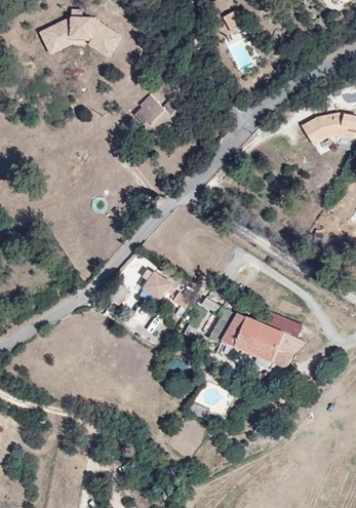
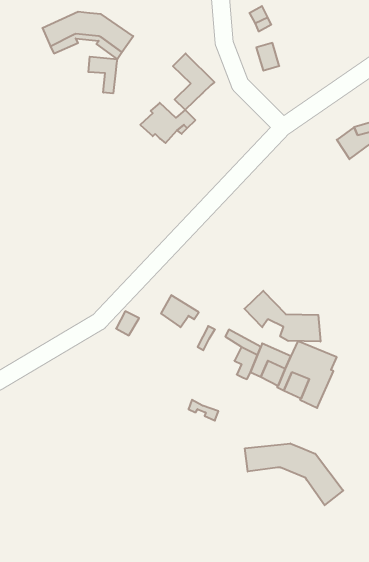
building: none -> [173,53,214,110]
building: none -> [88,57,117,93]
building: none -> [244,291,320,342]
building: none -> [245,443,343,505]

